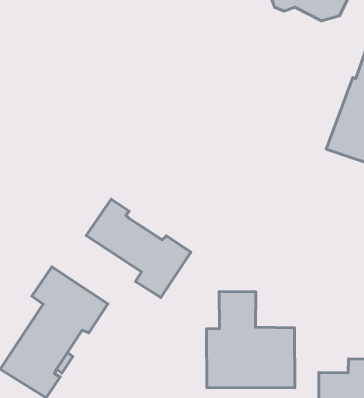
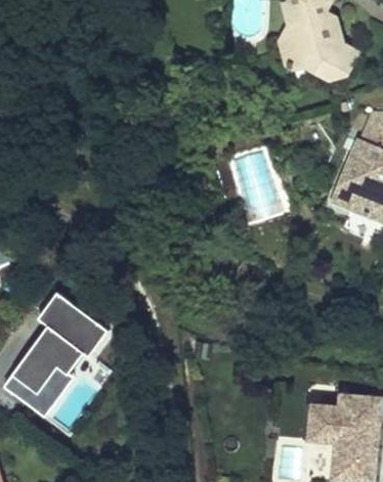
building: [86,199,191,298] -> none
building: [206,292,295,388] -> none

